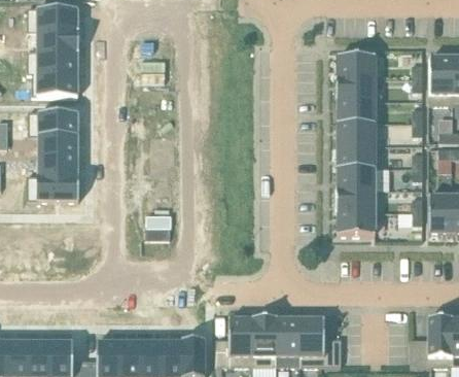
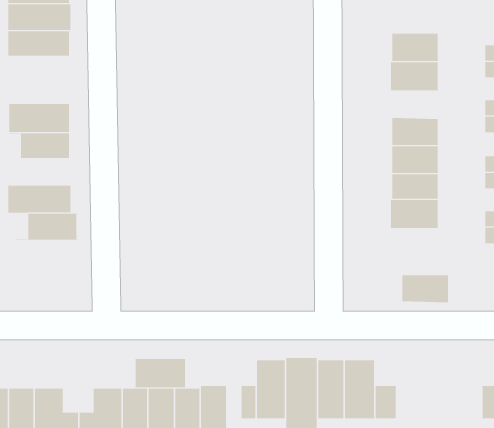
building: [28,73,78,97] -> none
building: [338,101,376,124] -> none
building: [28,156,79,177] -> [15,213,79,240]
building: [338,212,376,235] -> [402,275,449,303]
building: none -> [121,358,185,388]

